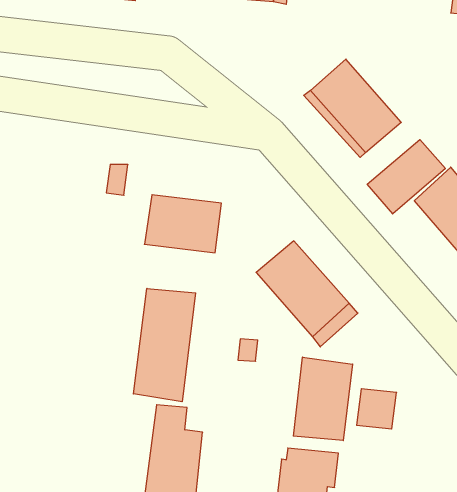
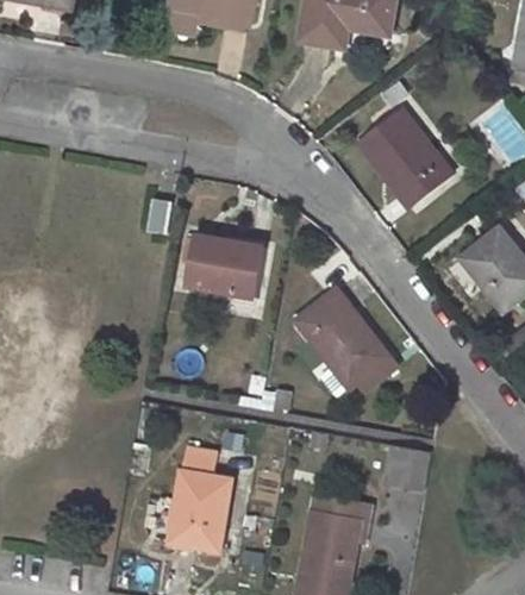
building: [367,140,445,214] -> none
building: [133,288,196,402] -> none
building: [293,357,353,441] -> none

